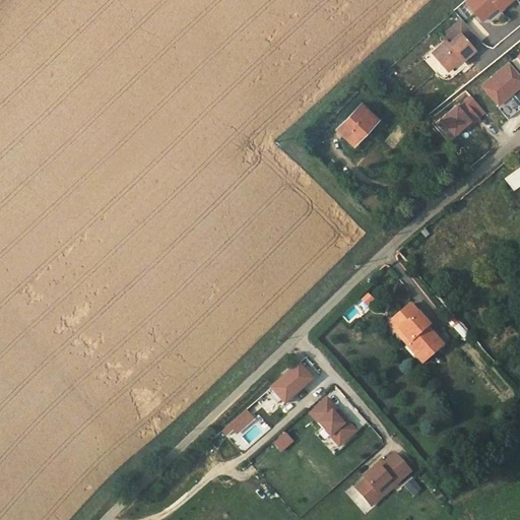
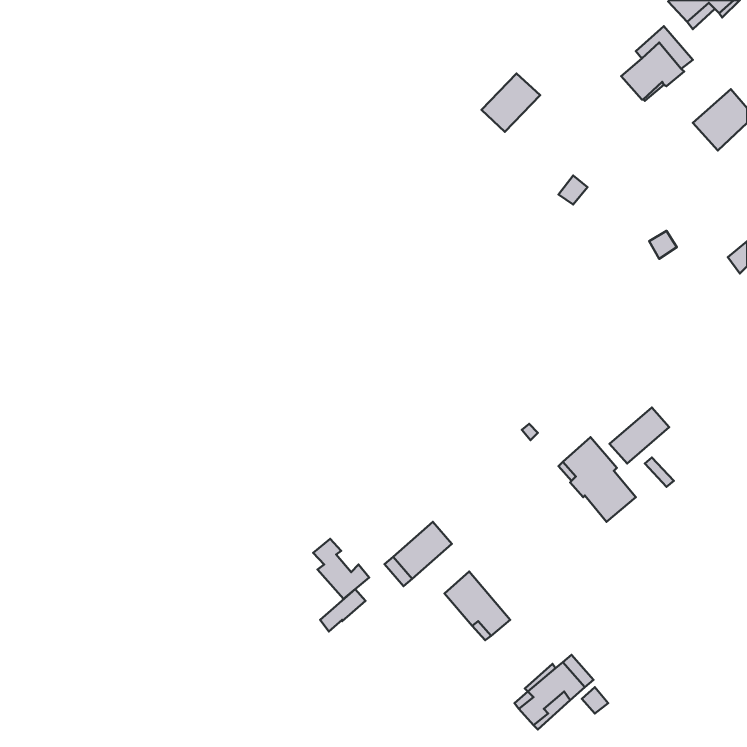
building: [440,95,484,134] -> none
building: [336,104,377,144] -> [482,73,540,132]
building: none -> [609,407,669,464]
building: none -> [313,539,369,599]

